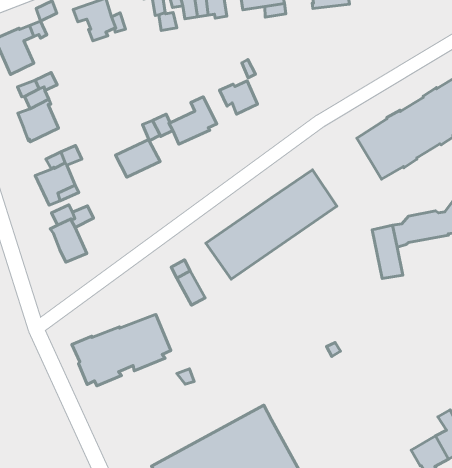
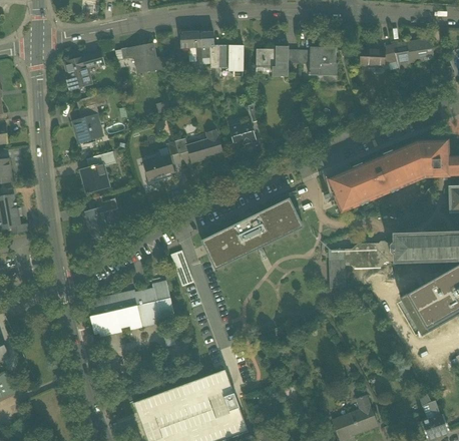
building: none -> [152,282,174,318]

